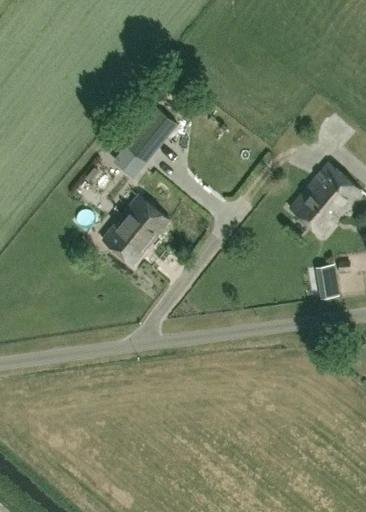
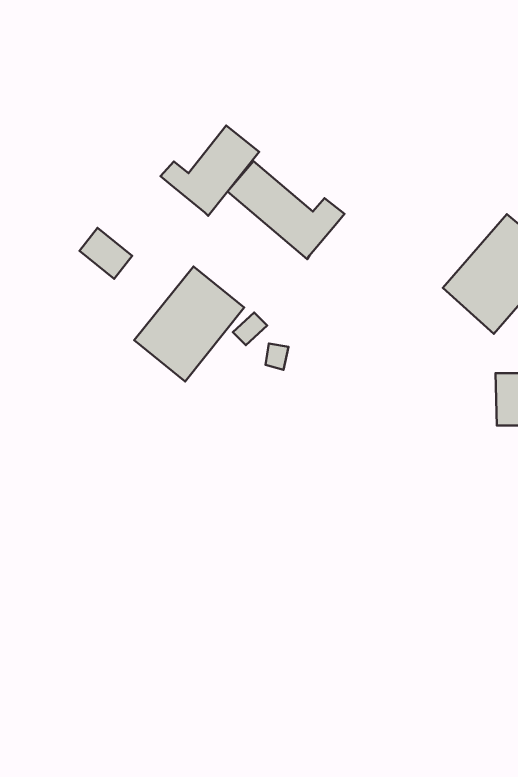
building: none -> [227,161,344,259]
building: [113,145,145,176] -> [80,228,132,279]

